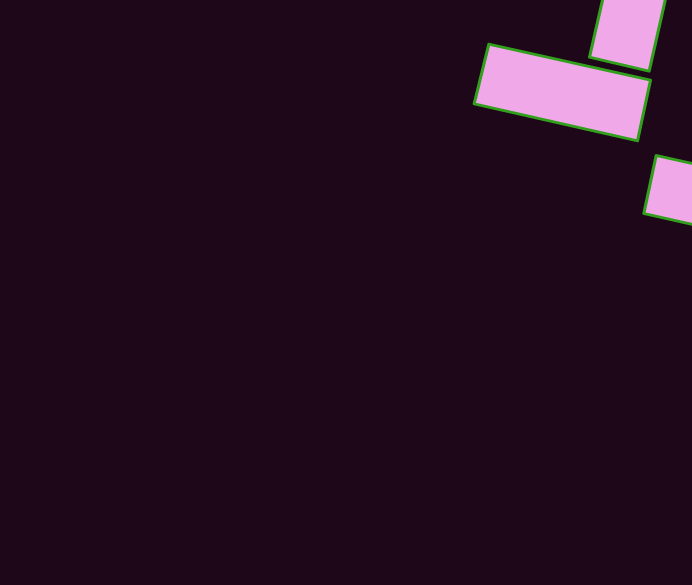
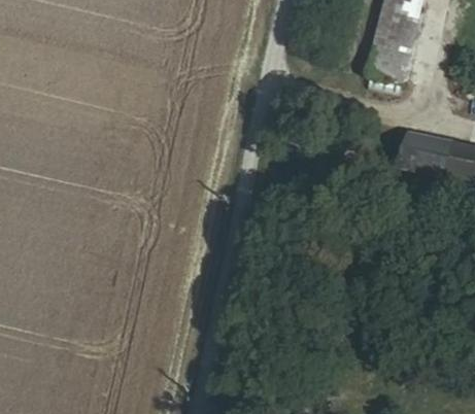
building: [474,44,651,141] -> none

